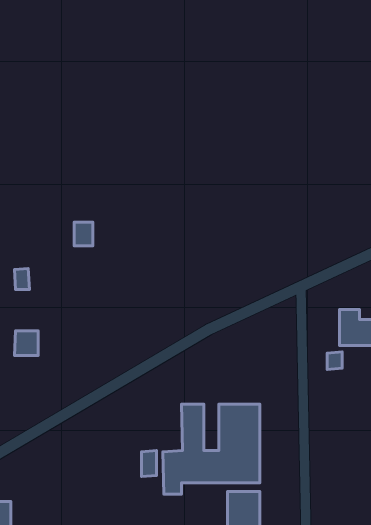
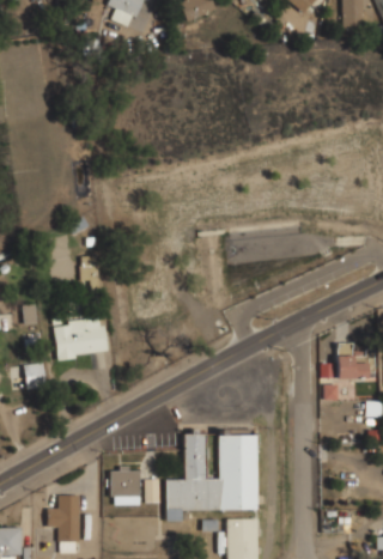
building: none -> [53,316,108,359]
building: none -> [109,468,140,505]
building: none -> [48,496,80,542]

